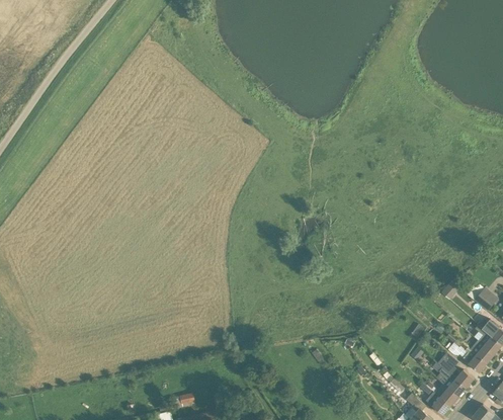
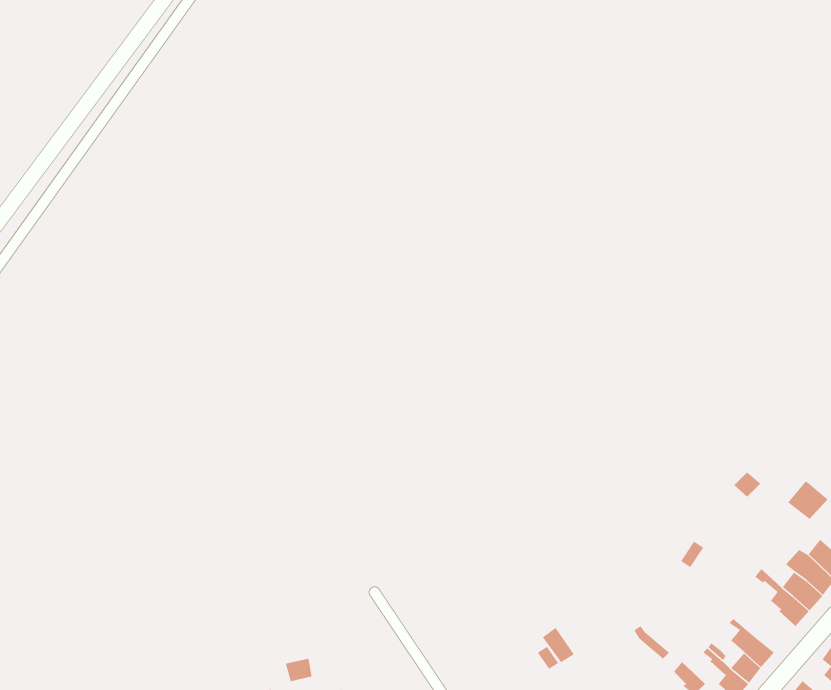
building: [437,352,473,388] -> none

